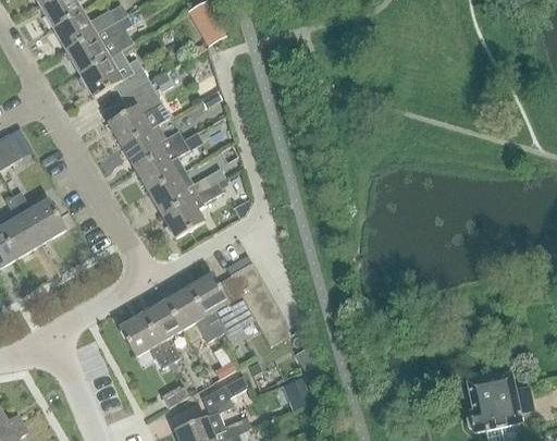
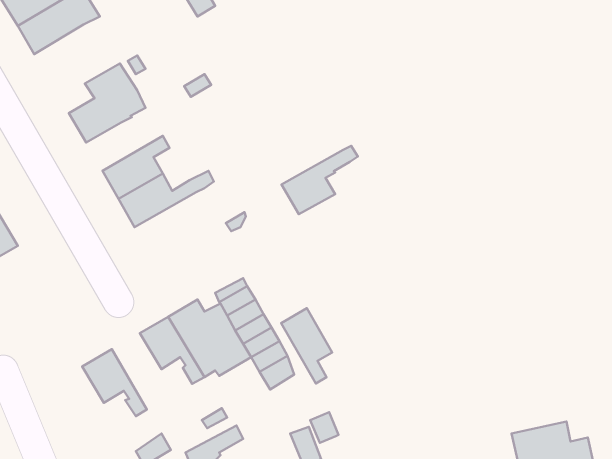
building: [78,50,148,98] -> none
building: [121,125,183,169] -> none
building: [160,183,222,238] -> [281,146,358,214]
building: none -> [281,308,332,384]
building: [141,301,182,363] -> none

